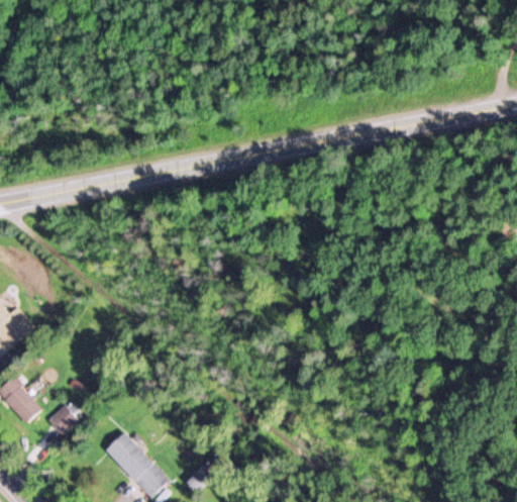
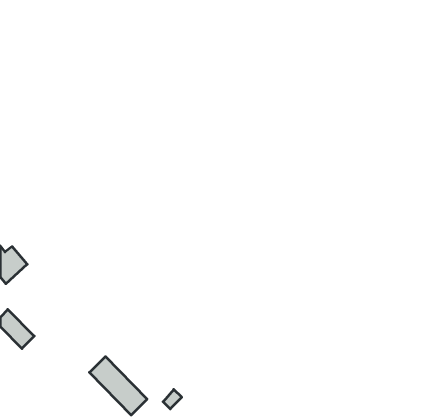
building: [49,405,78,432] -> none

